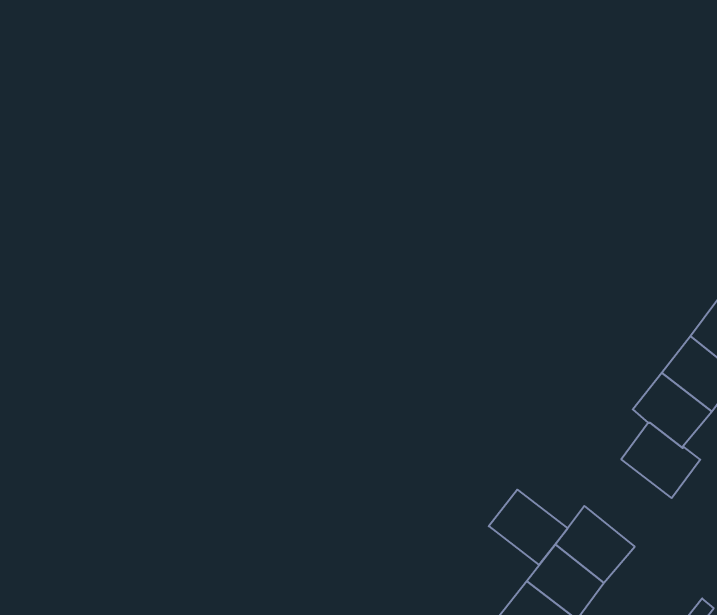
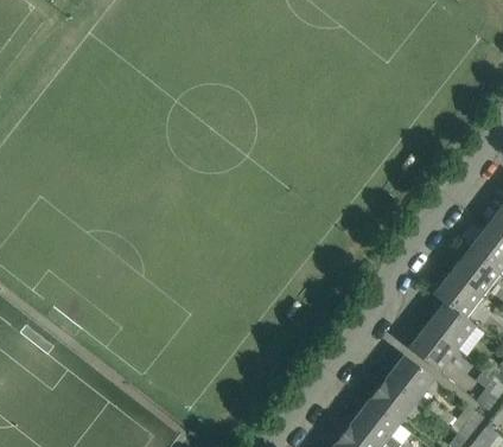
building: [489,490,568,565] -> [409,326,458,372]

